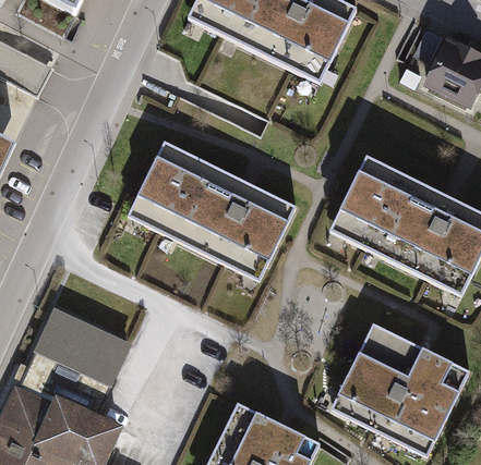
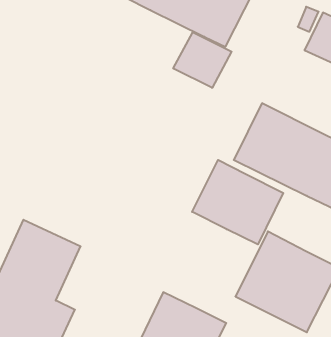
building: none -> [173,32,232,88]
building: [127,140,296,280] -> none
building: none -> [192,160,283,244]

